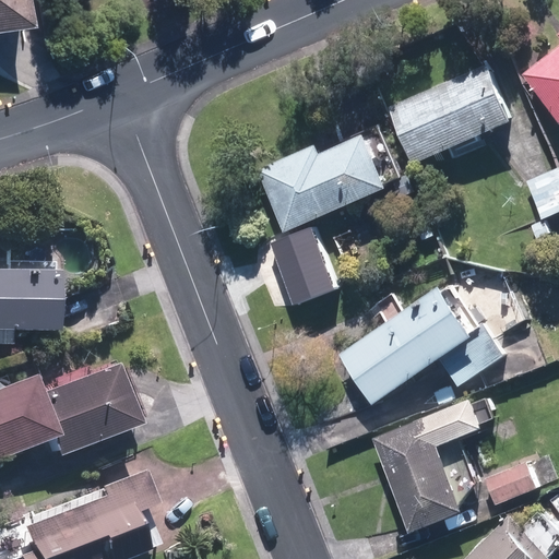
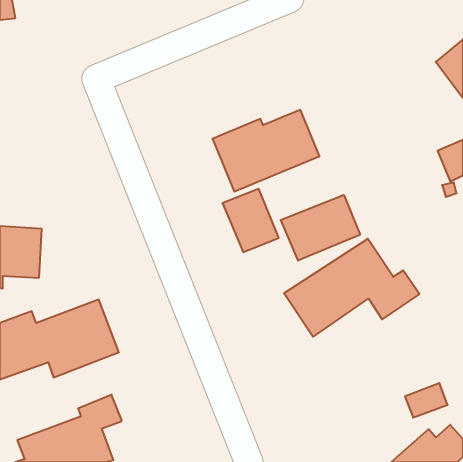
building: [391,64,513,164] -> none
building: none -> [281,195,360,261]
building: [373,399,486,534] -> none

